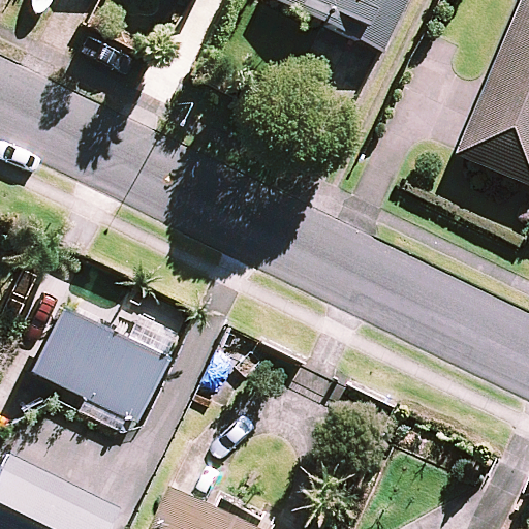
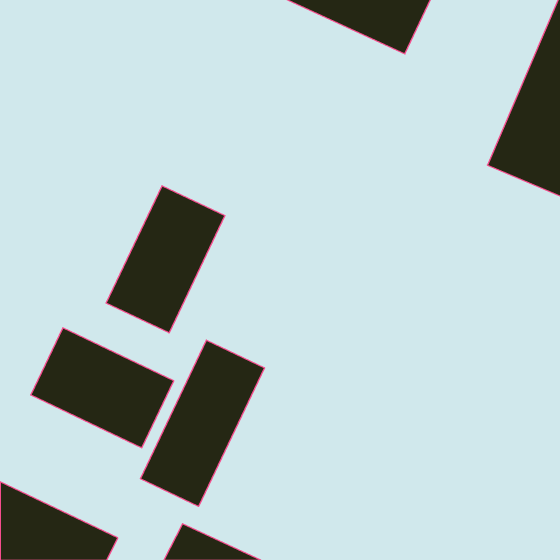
building: none -> [106,186,225,333]
building: none -> [141,340,264,506]

